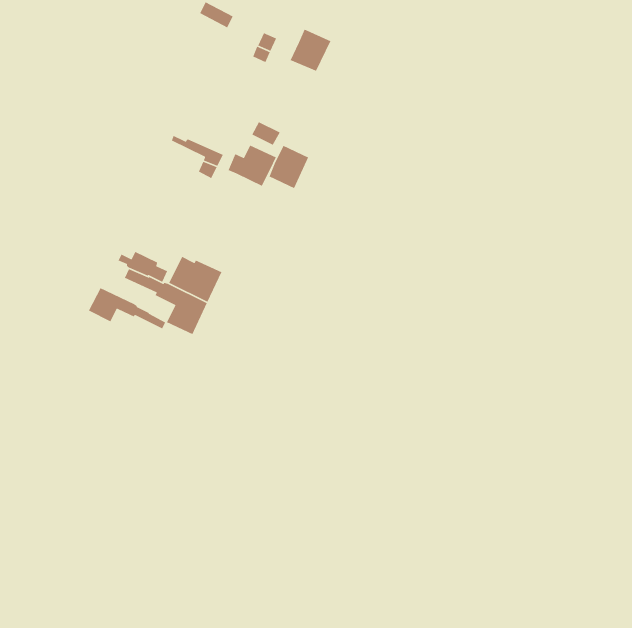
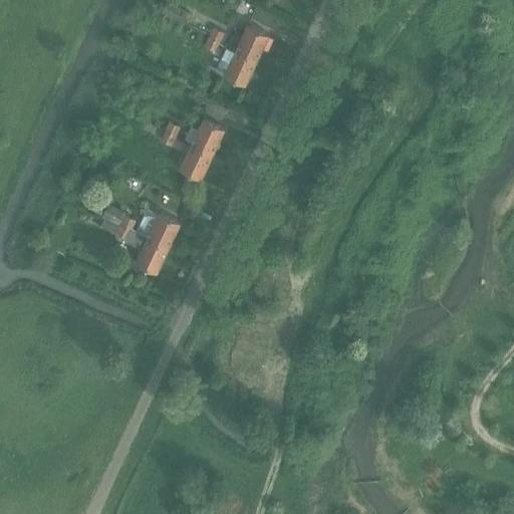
building: none -> [216,48,257,87]
building: [268,145,309,189] -> [180,145,213,181]
building: [88,287,166,330] -> none

